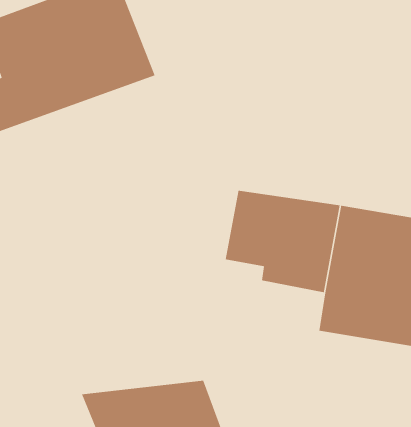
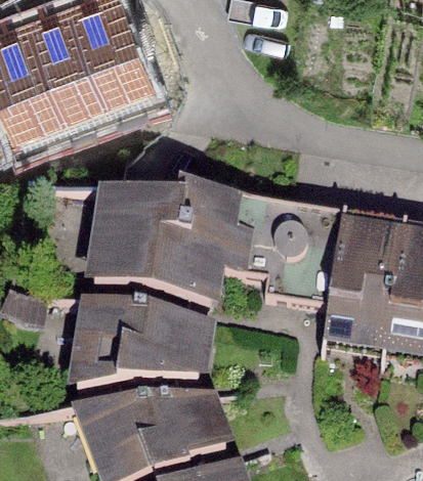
building: none -> [96,187,243,298]
building: none -> [80,298,207,383]

